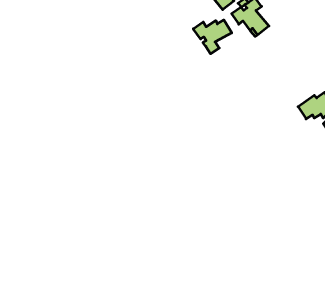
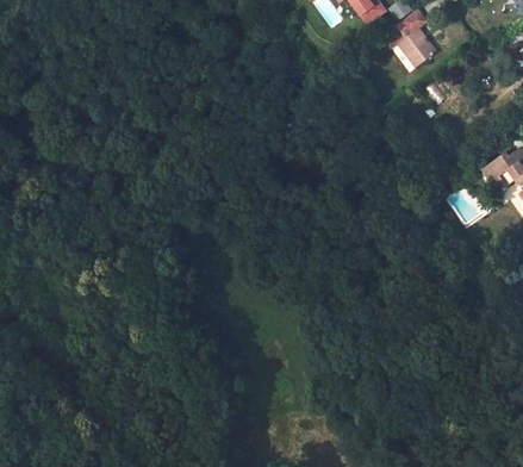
building: [193,20,232,54] -> none

